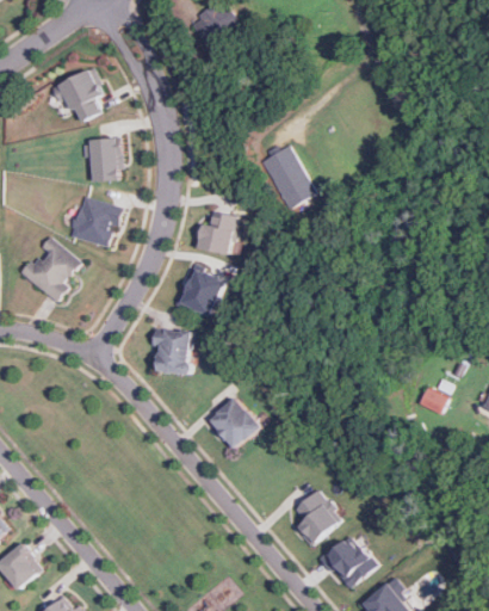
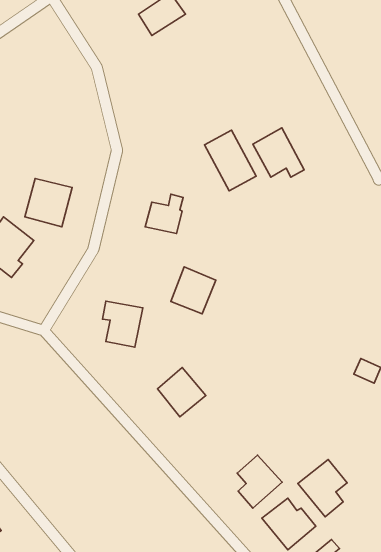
building: [57,67,104,123] -> none
building: [81,138,120,181] -> none
building: none -> [253,128,304,177]
building: [178,265,225,315] -> [171,267,216,314]
building: none -> [298,460,347,517]

